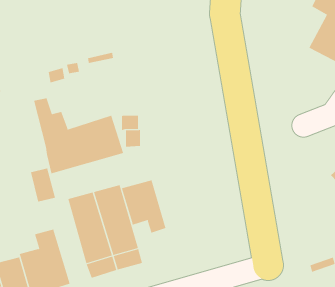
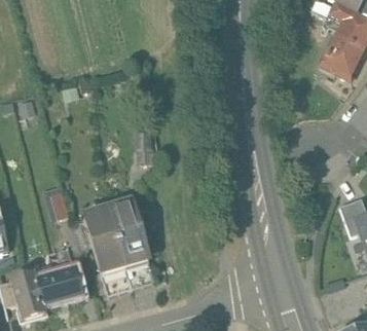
building: [34,97,124,174] -> none
building: [121,179,166,234] -> none

